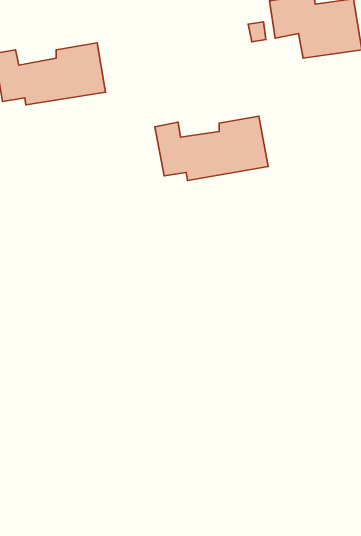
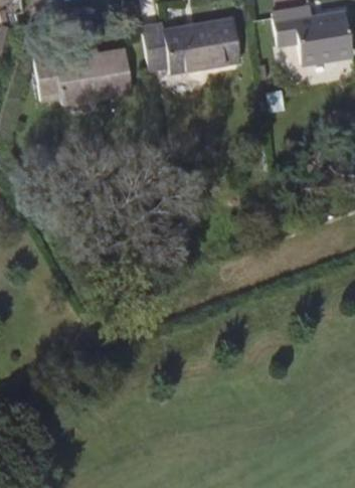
building: [155,116,268,181] -> [136,19,233,74]

